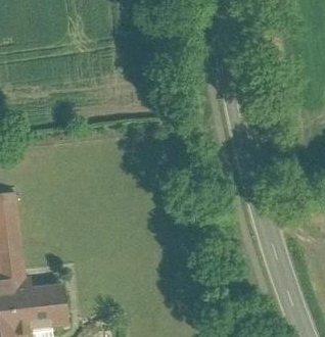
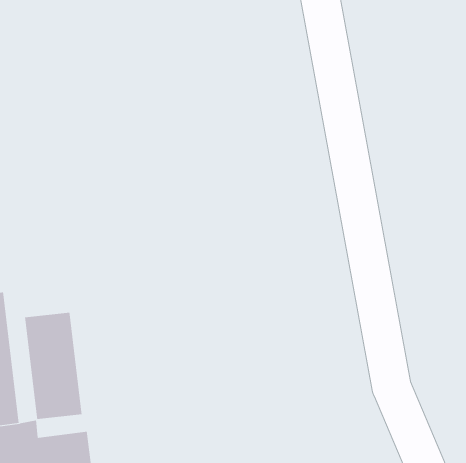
building: none -> [25,312,82,420]

